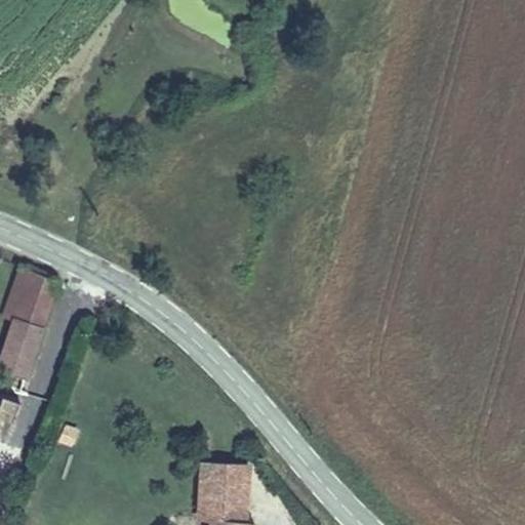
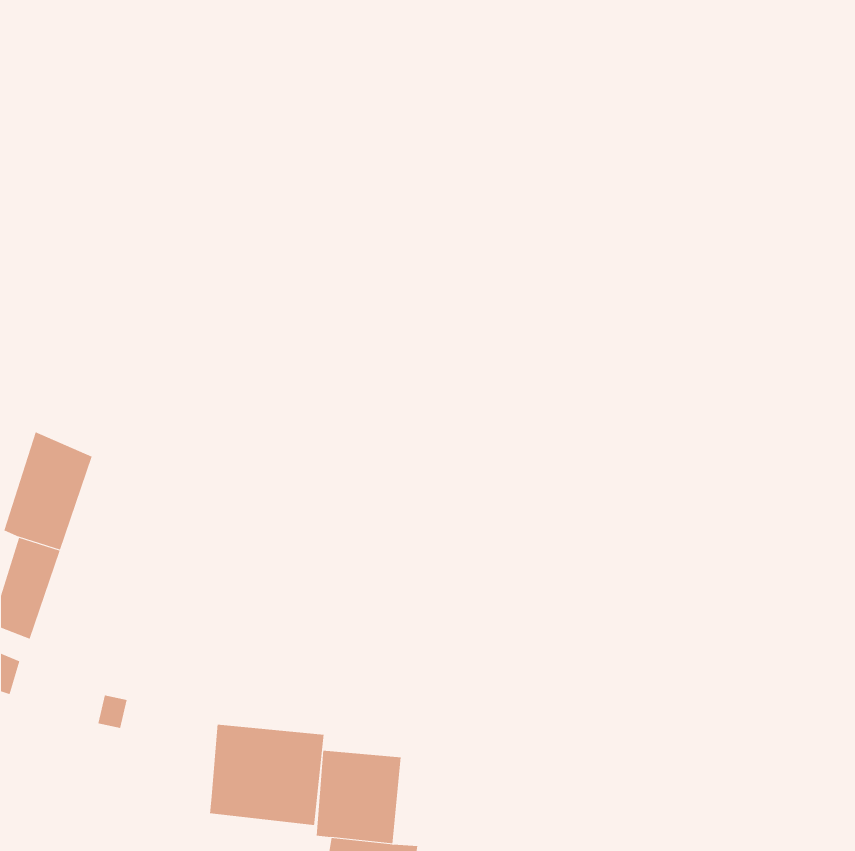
building: none -> [210,724,324,826]

